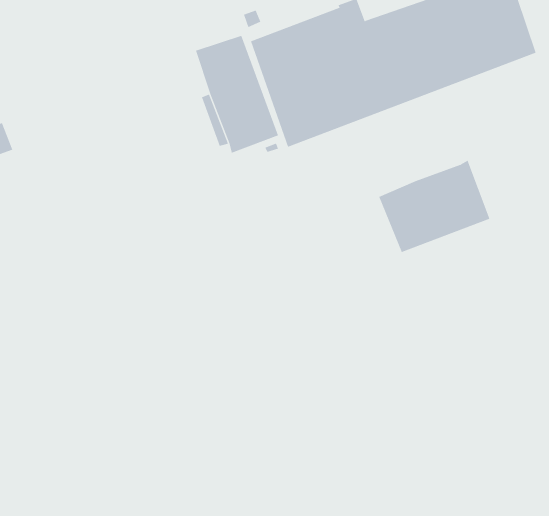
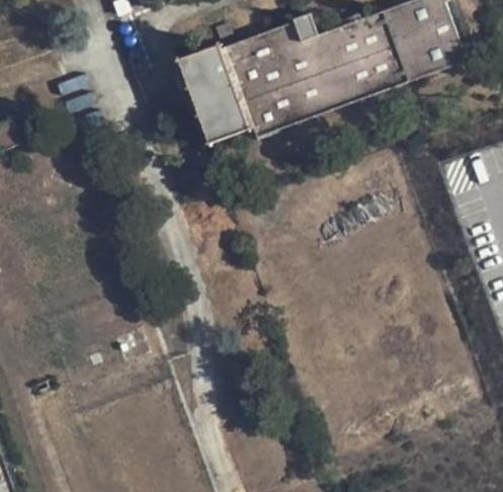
building: [379,160,490,253] -> none

